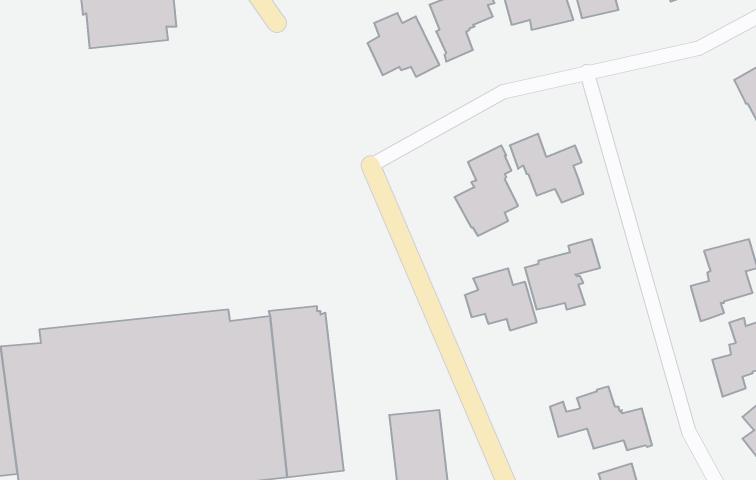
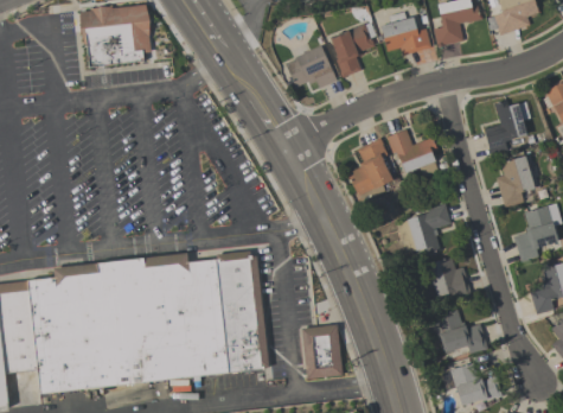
building: none -> [484,100,530,154]
building: none -> [497,155,542,208]
building: [465,268,537,330] -> [421,258,472,301]

